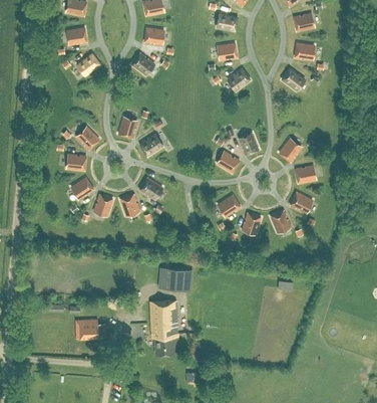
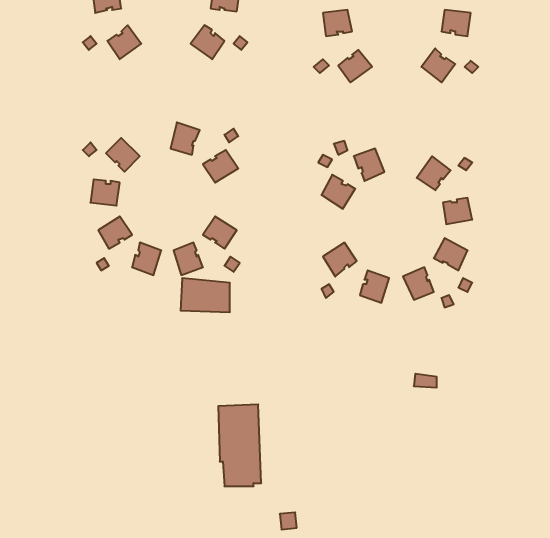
building: [159,266,192,288] -> [181,278,230,312]
building: [74,319,104,339] -> none

